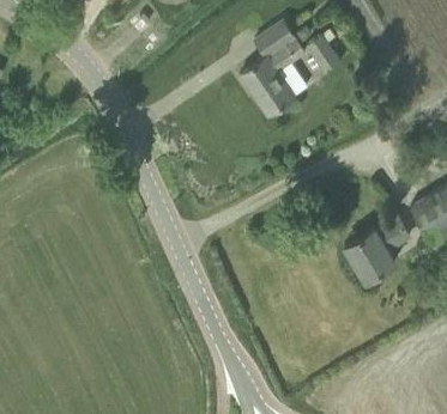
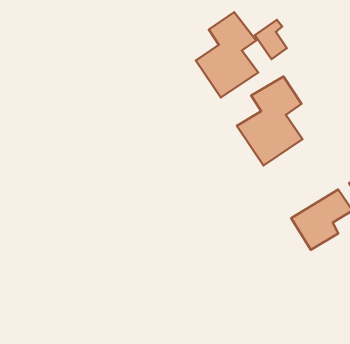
building: none -> [237,77,302,165]

